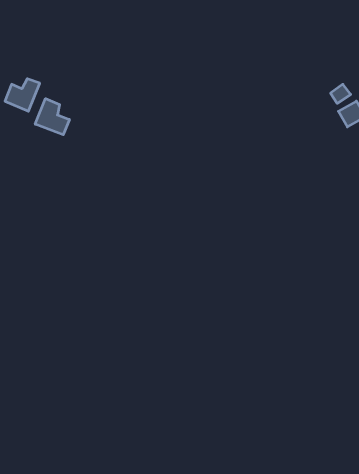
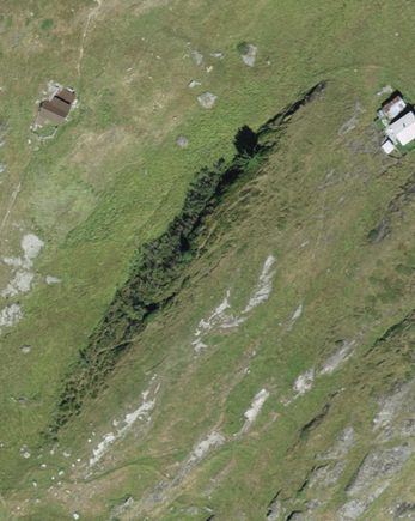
building: [35,99,69,135] -> none

